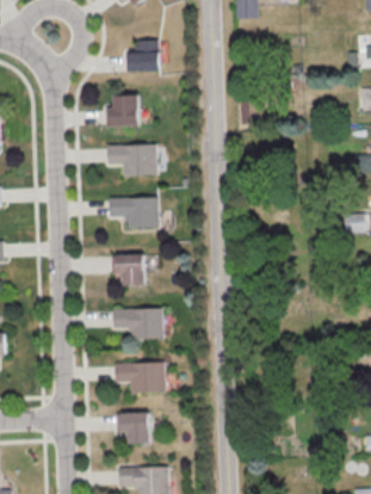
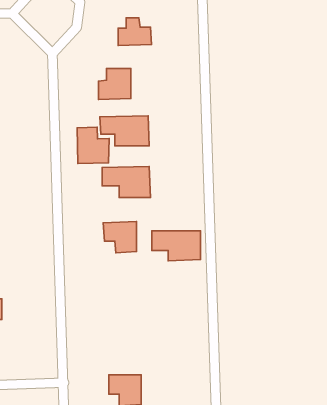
building: none -> [77,127,109,163]
building: [112,309,162,340] -> [152,231,200,261]
building: [115,363,165,394] -> none

